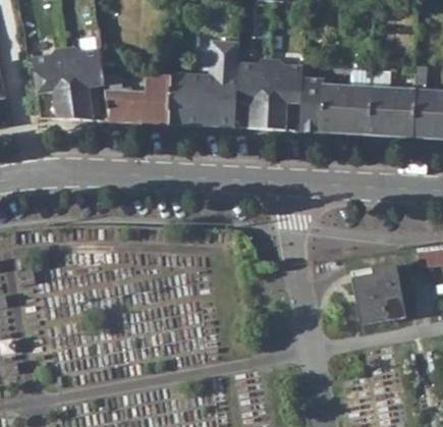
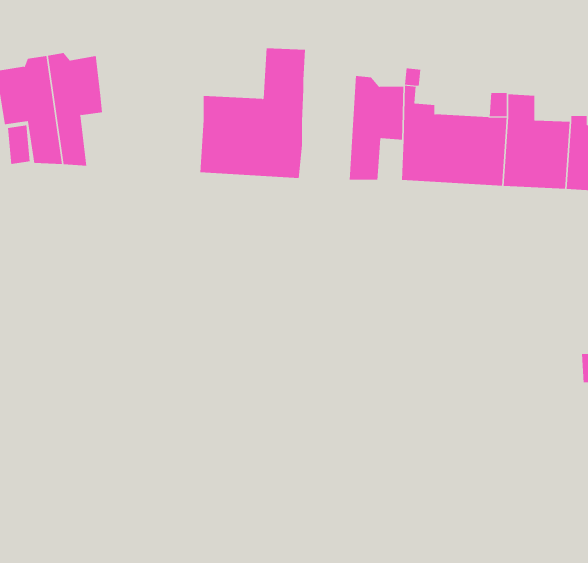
building: [236,60,271,129] -> none
building: [103,73,170,124] -> none
building: [353,264,403,324] -> none

